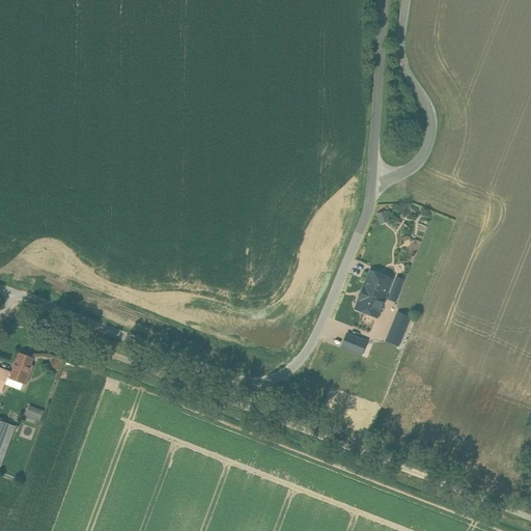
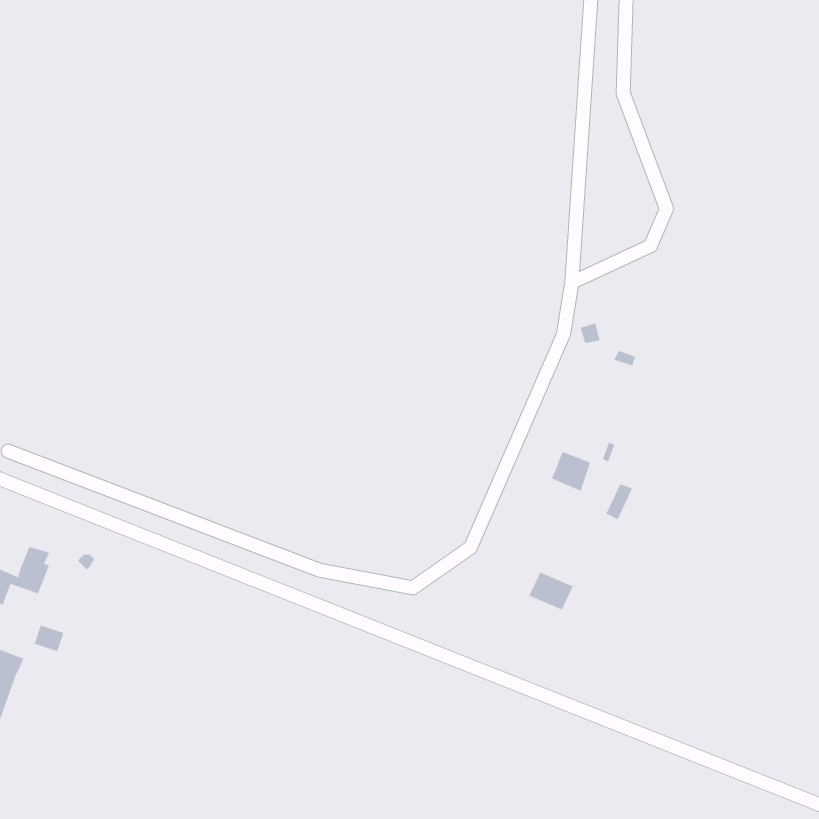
building: [363,271,390,299] -> none
building: [337,330,366,355] -> [529,572,574,610]

